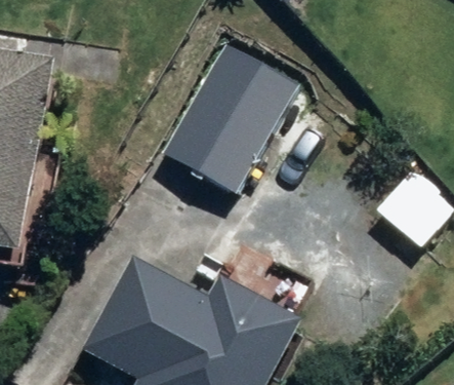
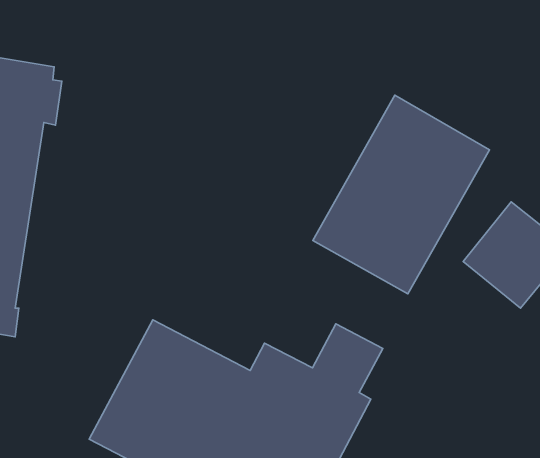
building: [161,37,300,194] -> [313,95,490,294]

